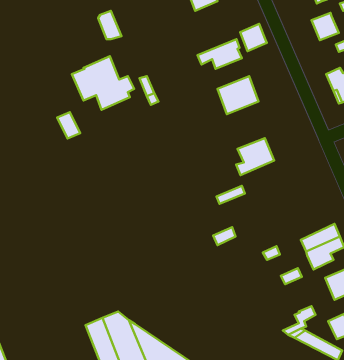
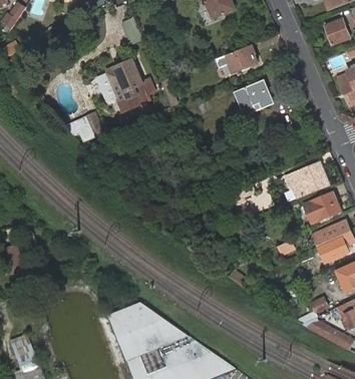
building: [240,24,267,51] -> none
building: [236,138,274,175] -> [292,161,328,197]
building: none -> [304,192,336,223]

